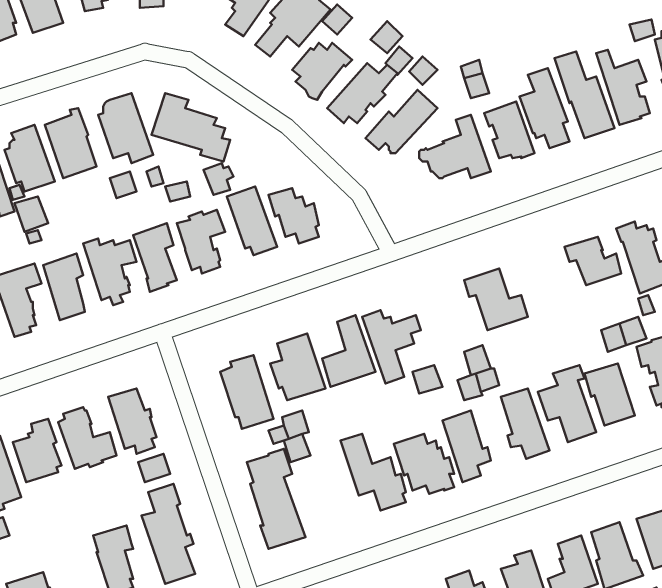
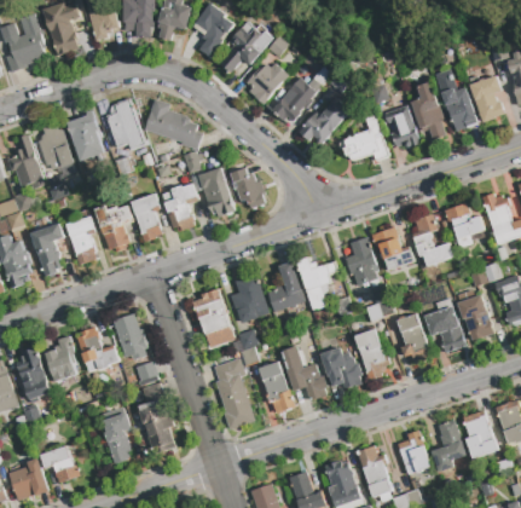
building: none -> [411,214,453,266]
building: none -> [345,237,378,284]
building: none -> [257,360,295,414]

